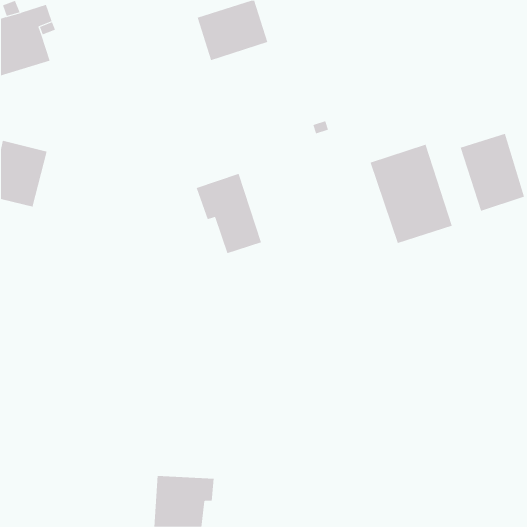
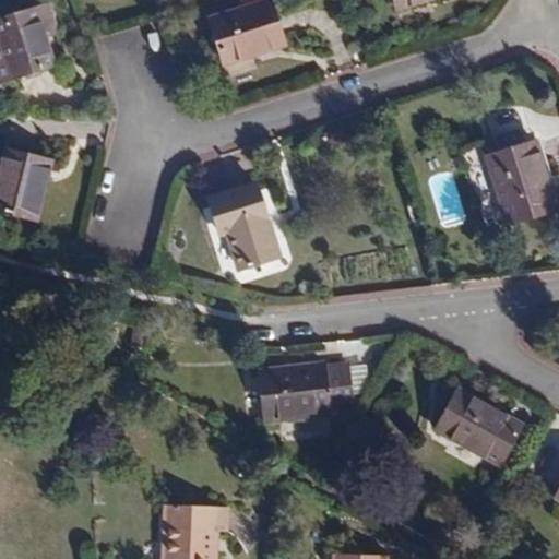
building: [370,144,453,244] -> none
building: none -> [258,362,352,420]
building: none -> [436,389,521,464]

